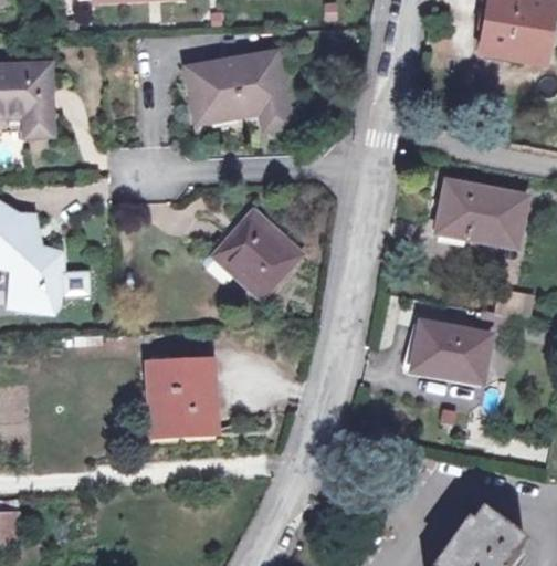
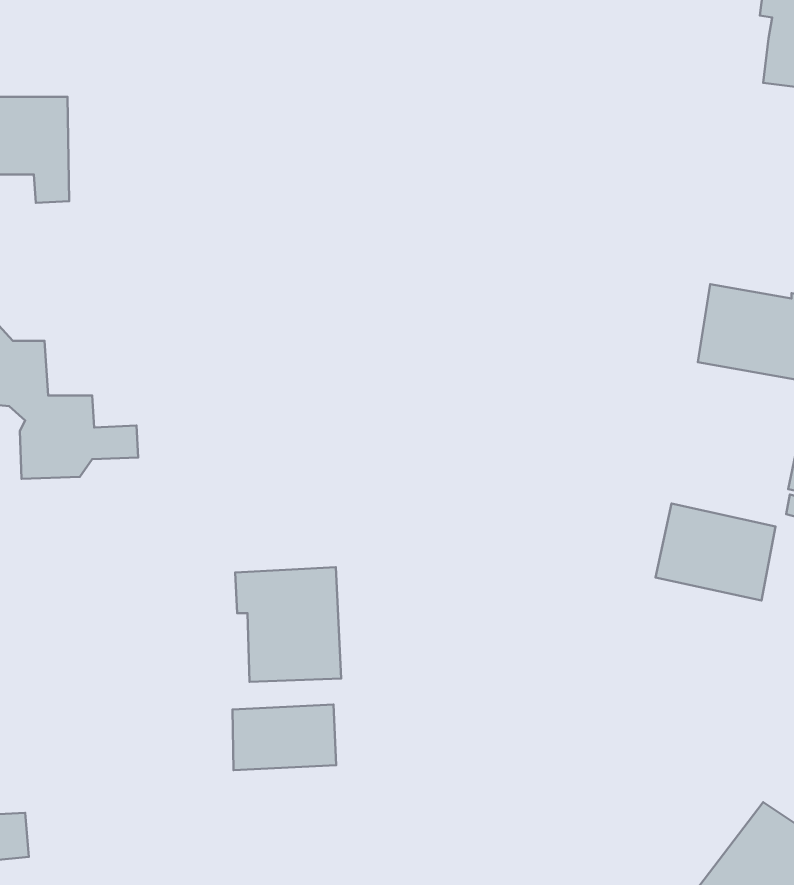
building: [186,52,286,124] -> none
building: [211,210,298,295] -> none
building: none -> [232,704,336,770]

